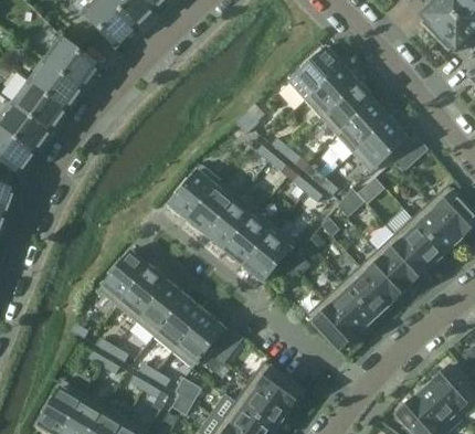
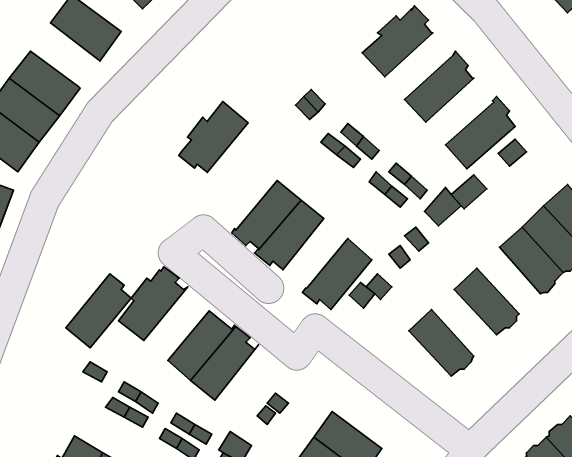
building: [29,59,83,109] -> none
building: [305,63,358,118] -> none
building: [337,98,390,154] -> none
building: [167,165,221,220] -> [179,102,248,173]
building: [222,211,276,265] -> none
building: [377,233,426,285] -> none
building: [117,264,168,321] -> [66,274,131,348]
building: [341,266,392,318] -> none
building: [306,298,357,351] -> none
building: [172,309,224,368] -> none

